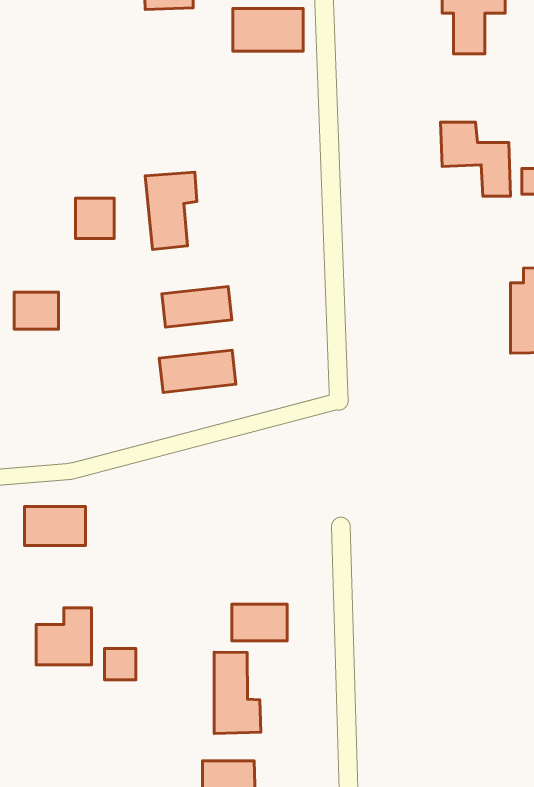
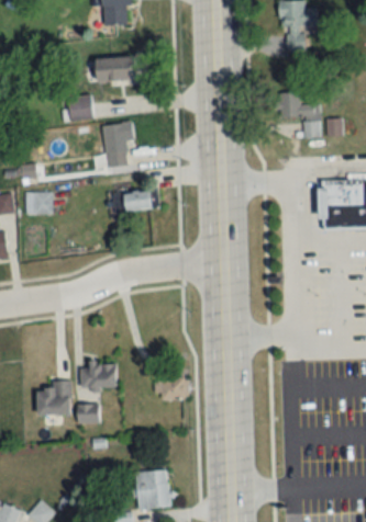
building: [233,9,303,51] -> [96,56,137,81]
building: [76,198,114,239] -> [69,94,92,118]
building: [159,350,236,392] -> none
building: [25,507,85,545] -> [80,364,117,387]
building: [214,652,261,734] -> none

